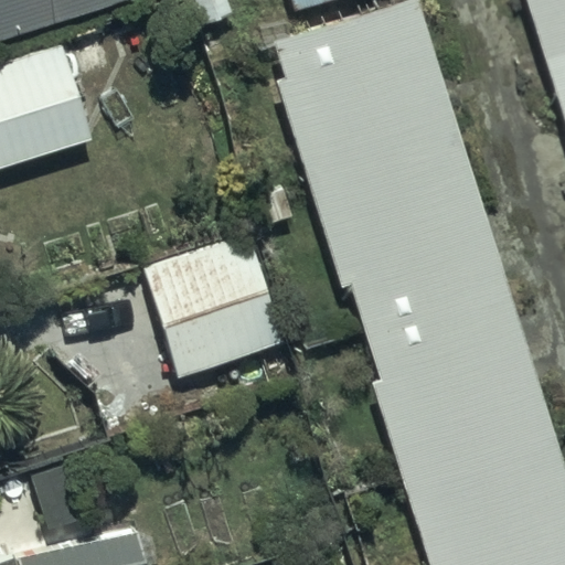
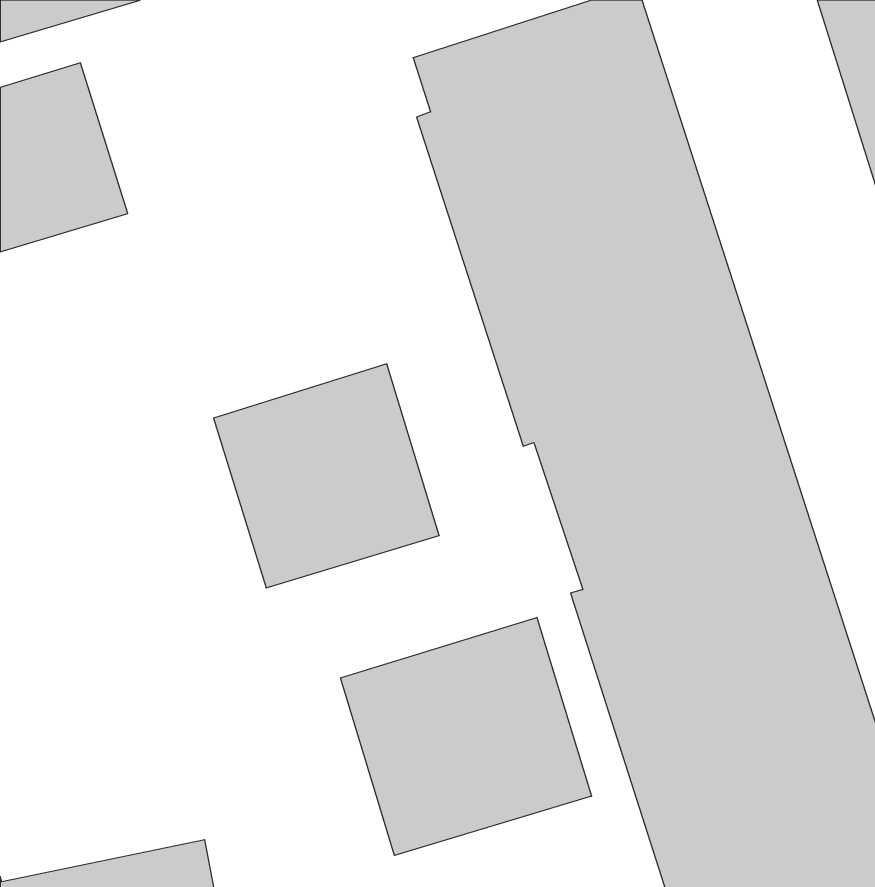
building: none -> [341,617,592,855]

